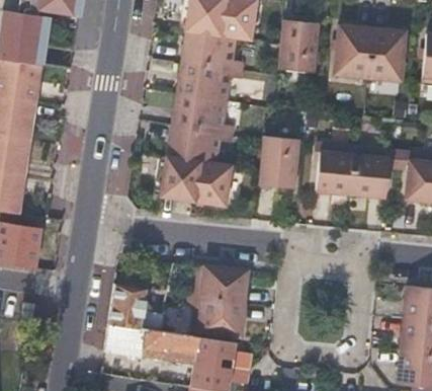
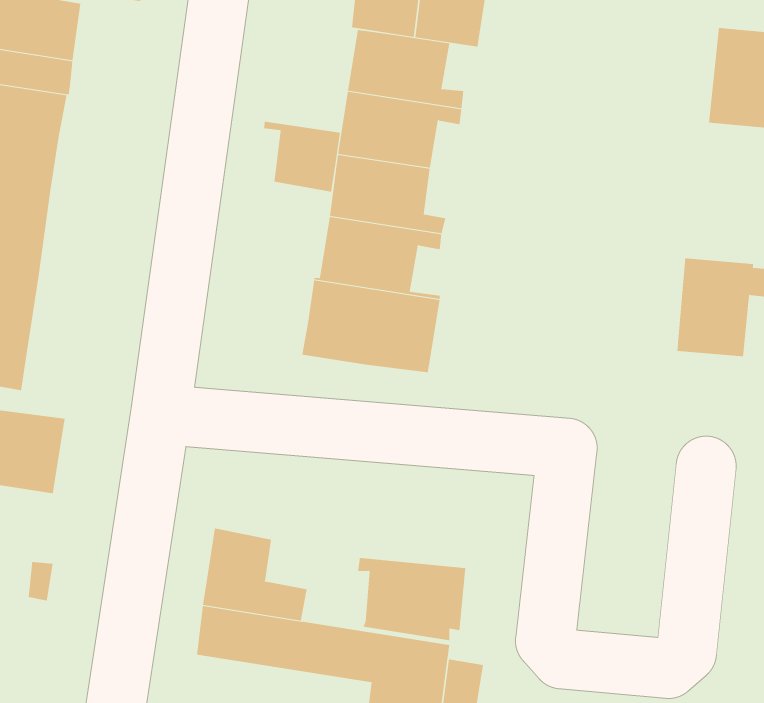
building: [279,20,318,73] -> none
building: [334,25,372,78] -> none
building: none -> [264,121,340,193]
building: [260,137,297,188] -> none
building: [316,143,355,194] -> none
building: [189,266,247,305] -> none

